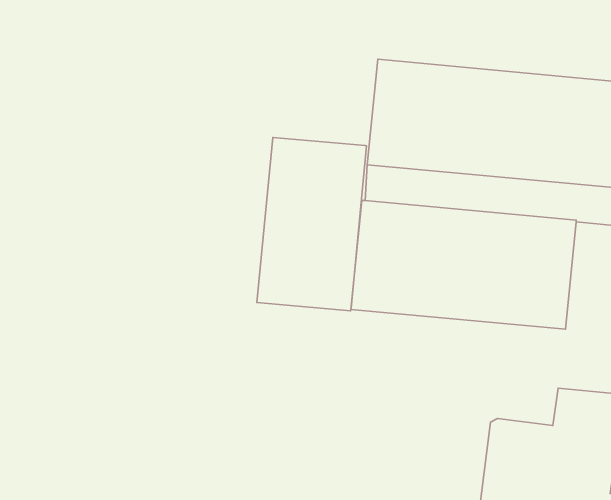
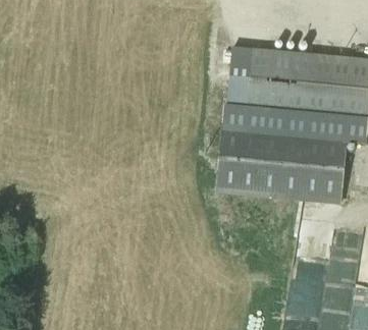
building: [257,137,367,311] -> none

